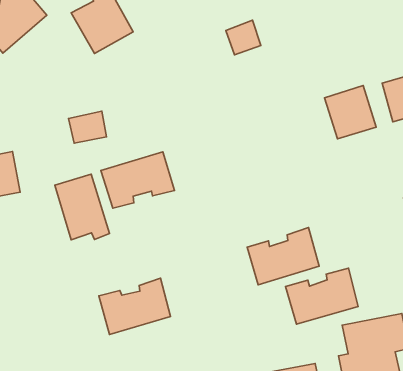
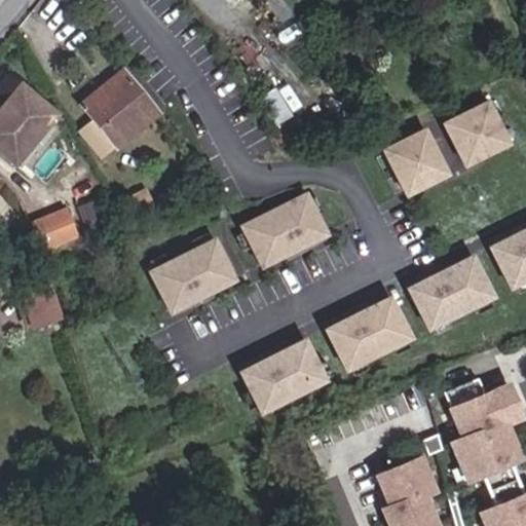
building: [68,111,107,143] -> [29,208,75,249]
building: none -> [240,196,327,268]
building: [55,174,109,240] -> none
building: [286,268,358,324] -> [409,258,494,331]
building: [99,278,170,334] -> [240,343,325,416]

